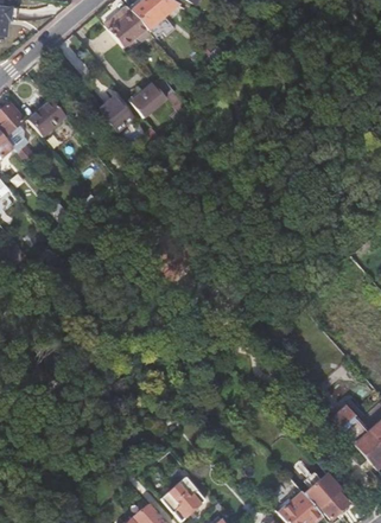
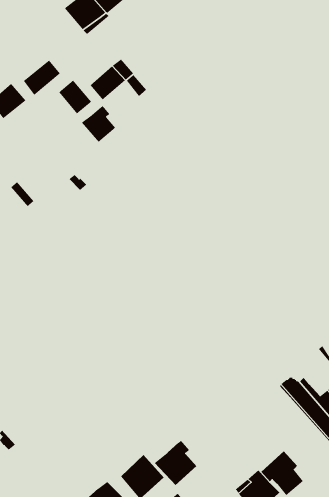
building: none -> [23,60,61,96]
building: none -> [81,105,116,143]
building: none -> [154,440,197,486]

